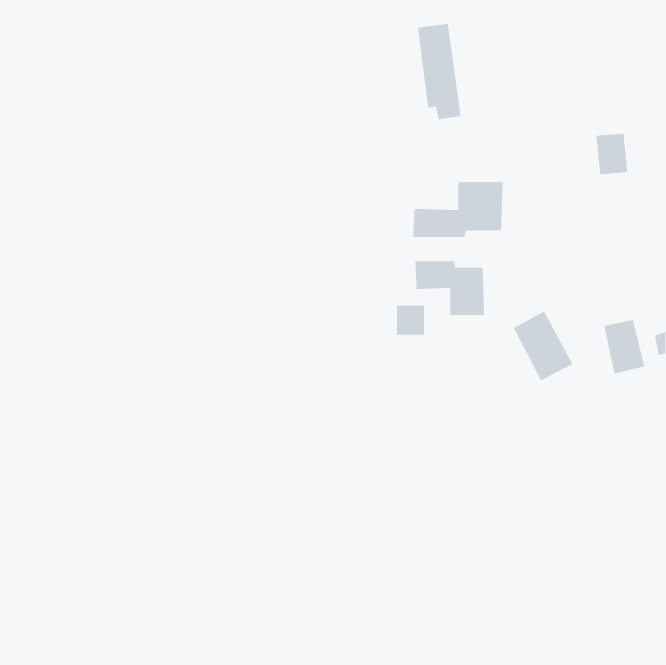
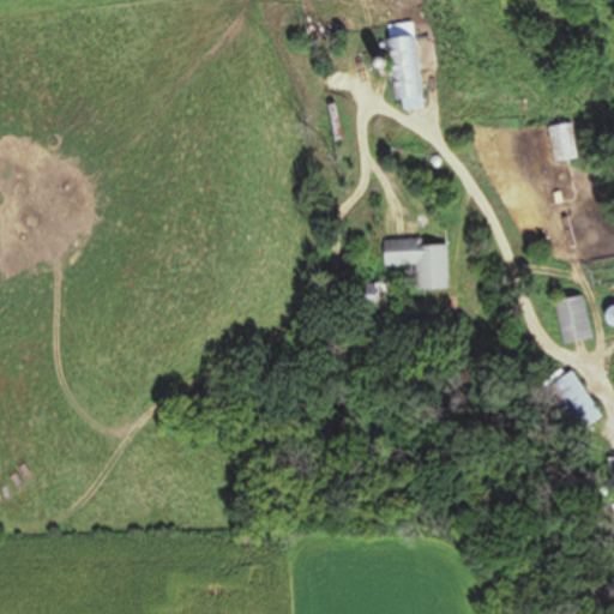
building: [412,181,503,238] -> none
building: [513,311,573,381] -> [546,369,601,434]

